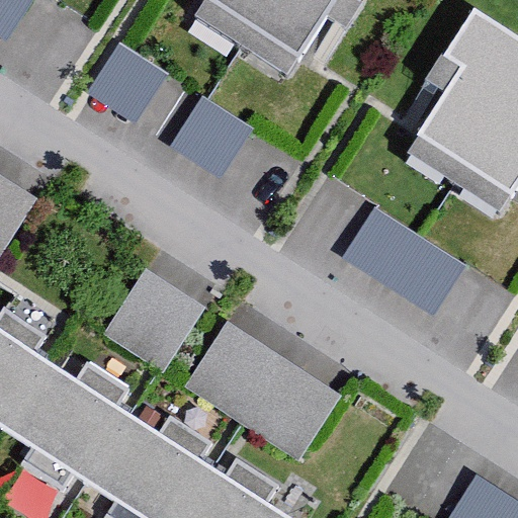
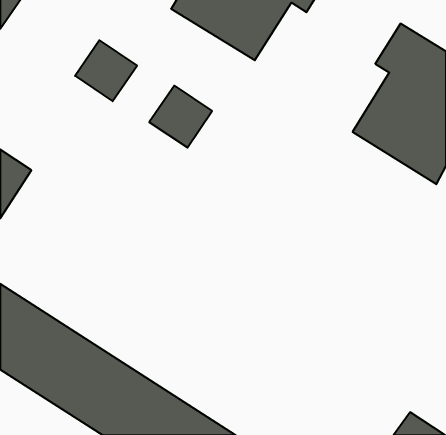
building: [343,206,456,309] -> none
building: [102,267,202,370] -> none
building: [185,323,339,458] -> none

